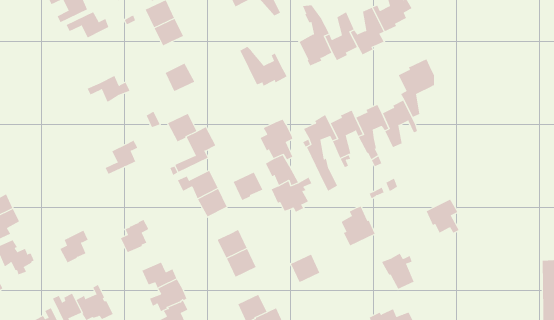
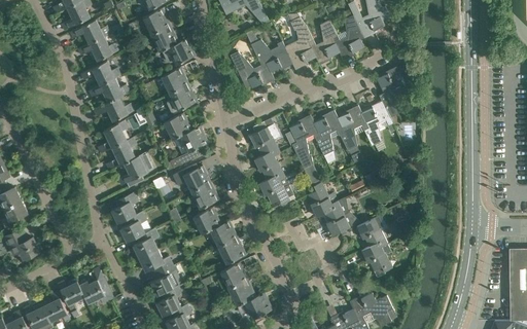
building: none -> [245,32,292,72]
building: none -> [77,37,117,61]
building: none -> [161,38,195,65]
building: none -> [80,61,120,85]
building: none -> [167,84,197,113]
building: none -> [93,97,133,121]
building: none -> [97,120,128,153]
building: none -> [117,152,152,187]
building: [233,172,263,201] -> [192,208,220,234]
building: none -> [307,182,337,217]
building: [426,199,459,234] -> [356,215,387,247]
building: [59,230,88,263] -> [110,192,137,223]
building: none -> [132,227,159,258]
building: [290,254,320,283] -> [219,262,247,289]

